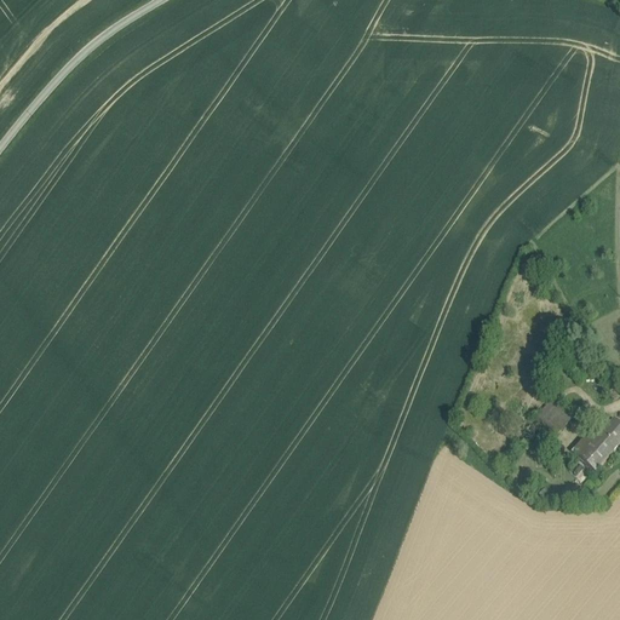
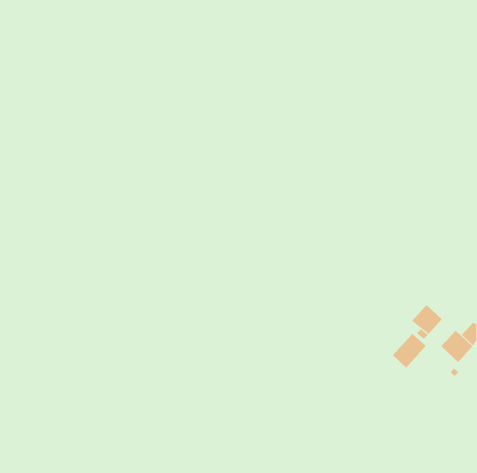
building: none -> [392,333,426,369]

